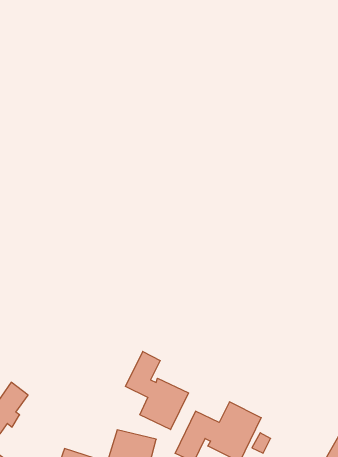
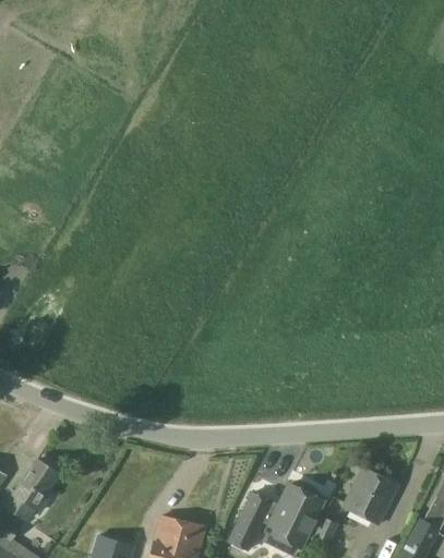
building: [126,351,188,430] -> none
building: none -> [343,468,398,525]

